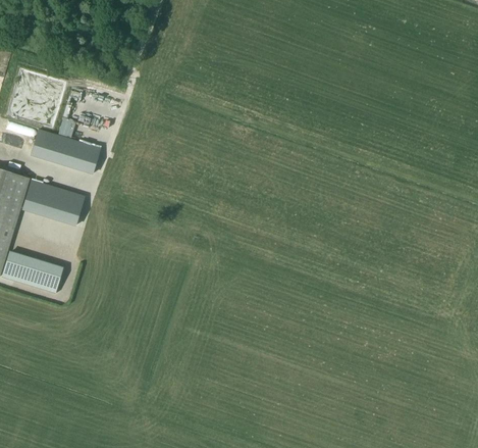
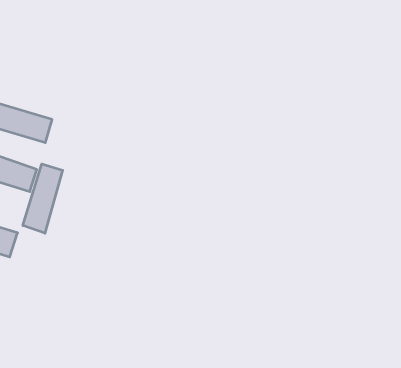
building: none -> [23,164,63,233]

